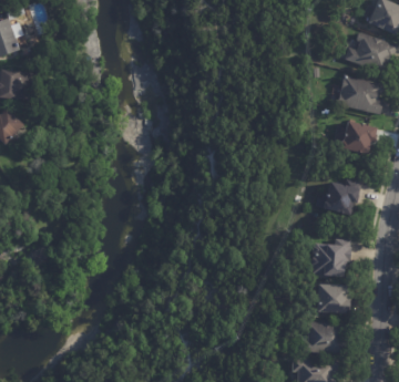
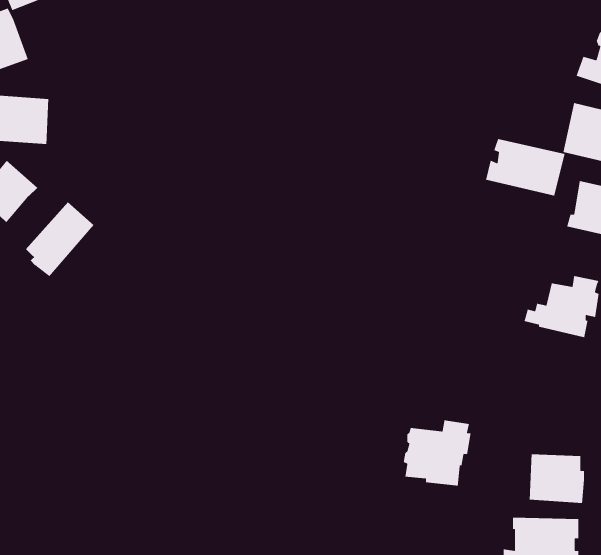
building: none -> [485,138,565,196]
building: none -> [25,201,94,277]
building: [311,238,352,278] -> [403,420,472,487]

